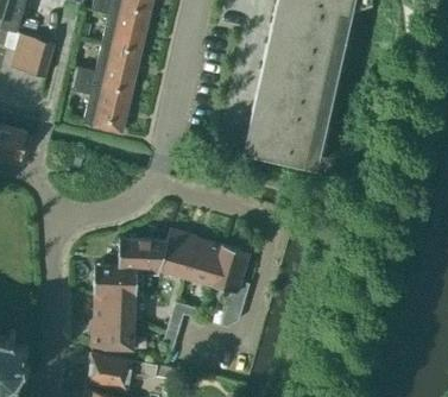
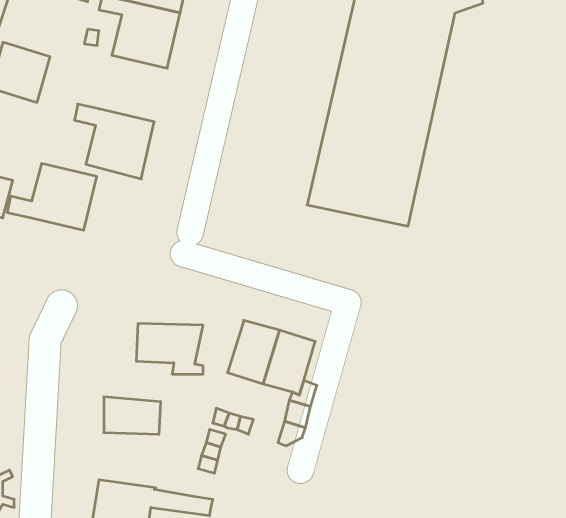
building: [75,44,140,93] -> [7,164,97,230]
building: [160,229,196,276] -> none
building: [93,266,145,297] -> none
building: [92,320,134,352] -> none

